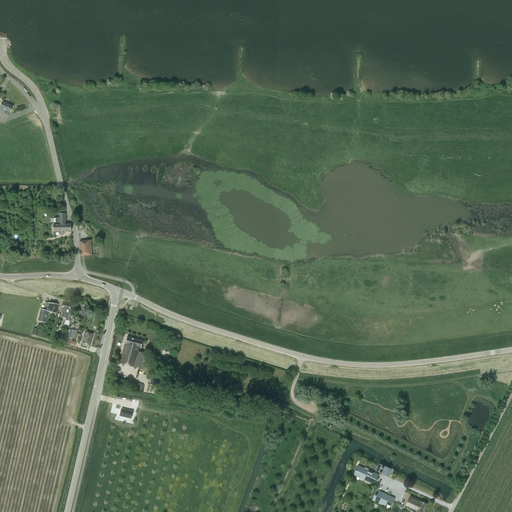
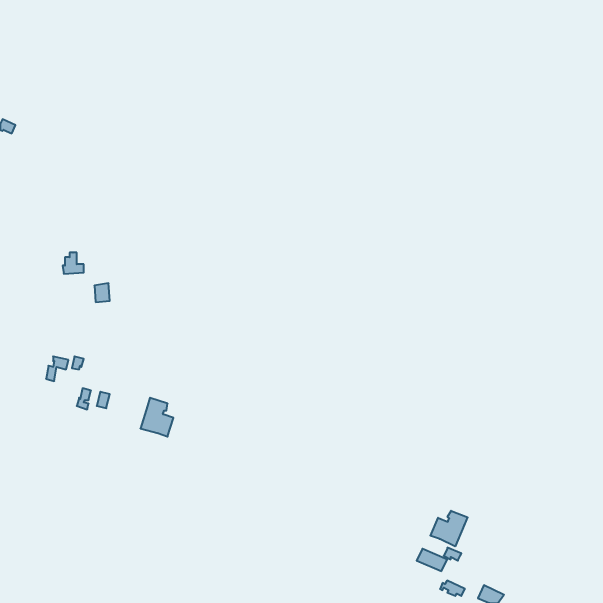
building: none -> [430,511,468,546]

